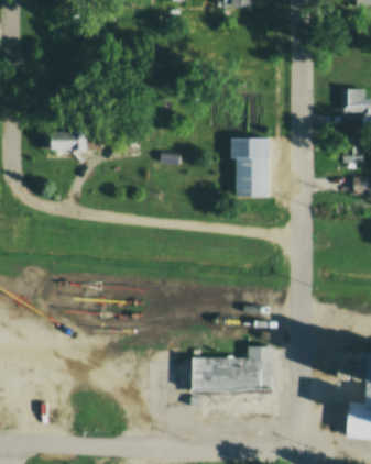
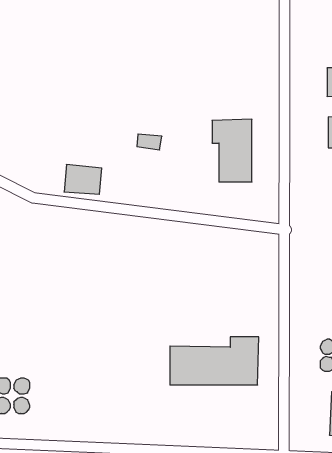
building: [53,129,89,157] -> [64,165,102,194]

